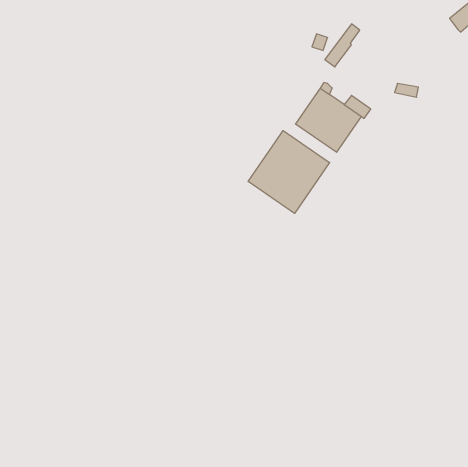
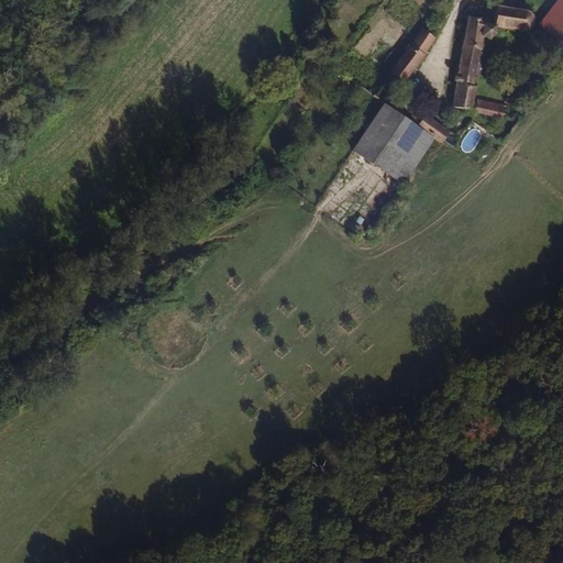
building: none -> [451,4,534,110]
building: [248,131,330,213] -> none

